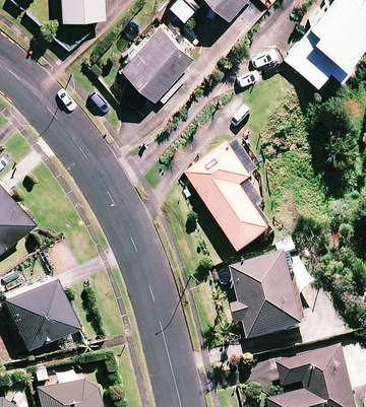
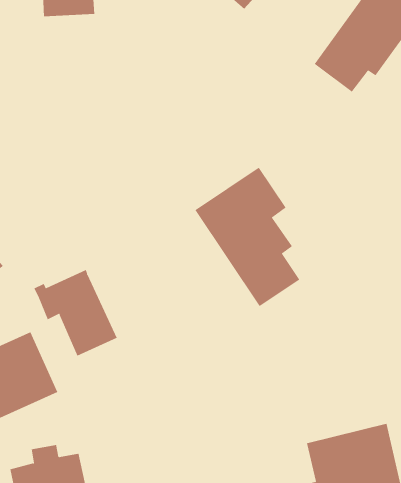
building: [122,23,202,105] -> none
building: none -> [34,269,117,357]
building: [229,262,308,347] -> none

